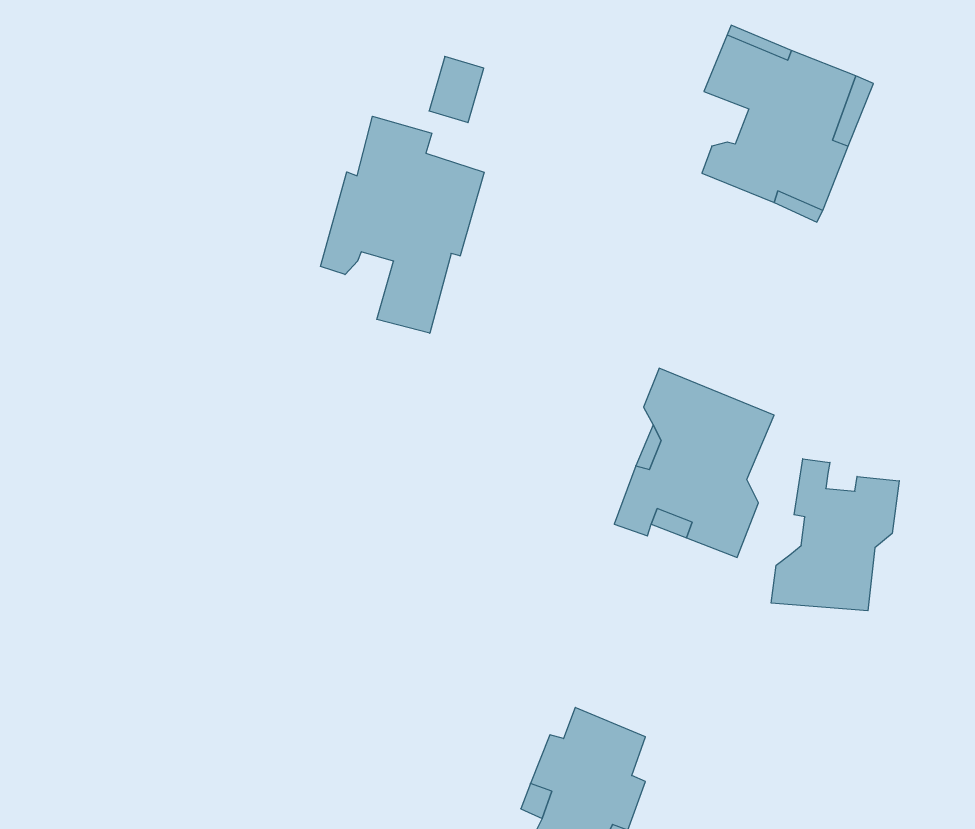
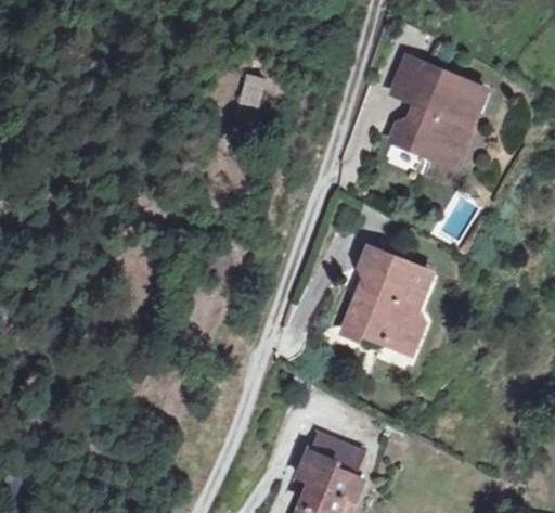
building: [321,116,484,333] -> none
building: [771,459,899,611] -> none

